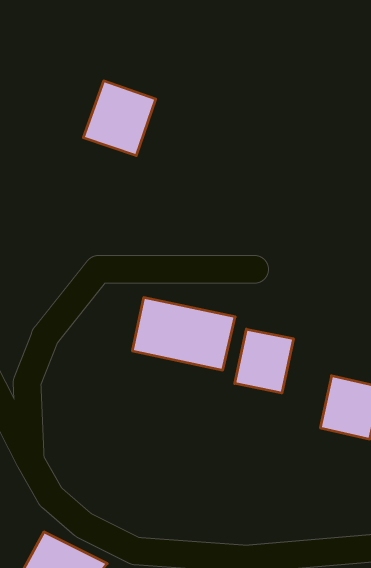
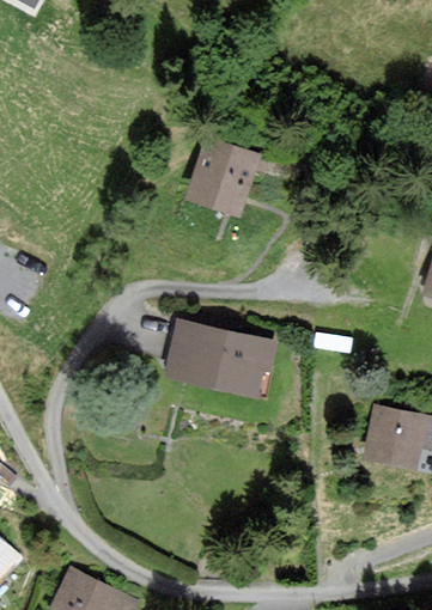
building: [83,81,156,156] -> [184,136,261,215]
building: [235,329,293,393] -> none

